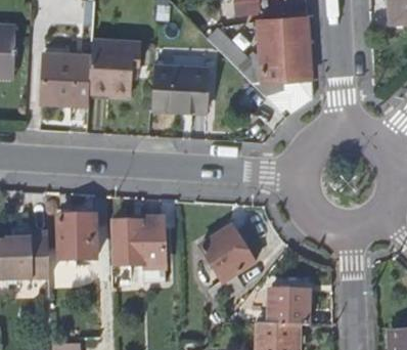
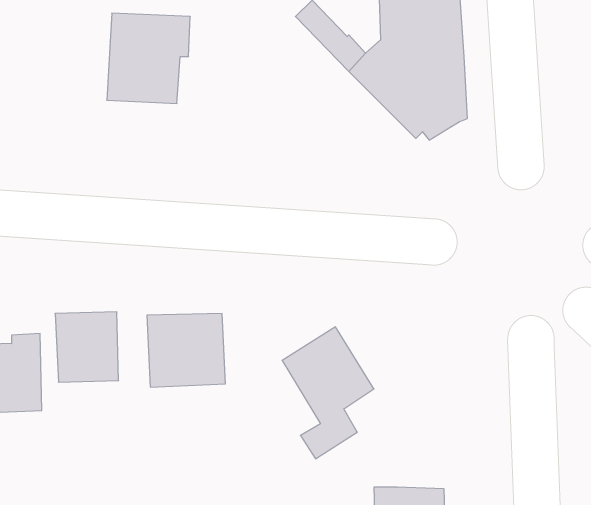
building: [41,50,91,103] -> none
building: [149,64,213,111] -> none
building: [267,293,307,327] -> none

